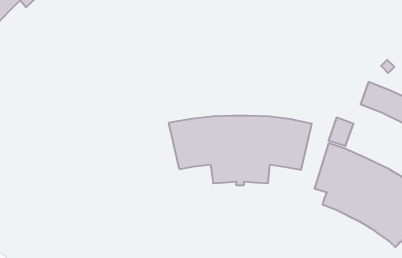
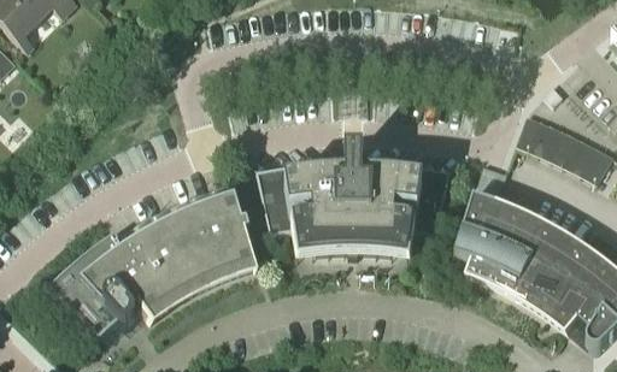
building: none -> [48,195,255,338]

